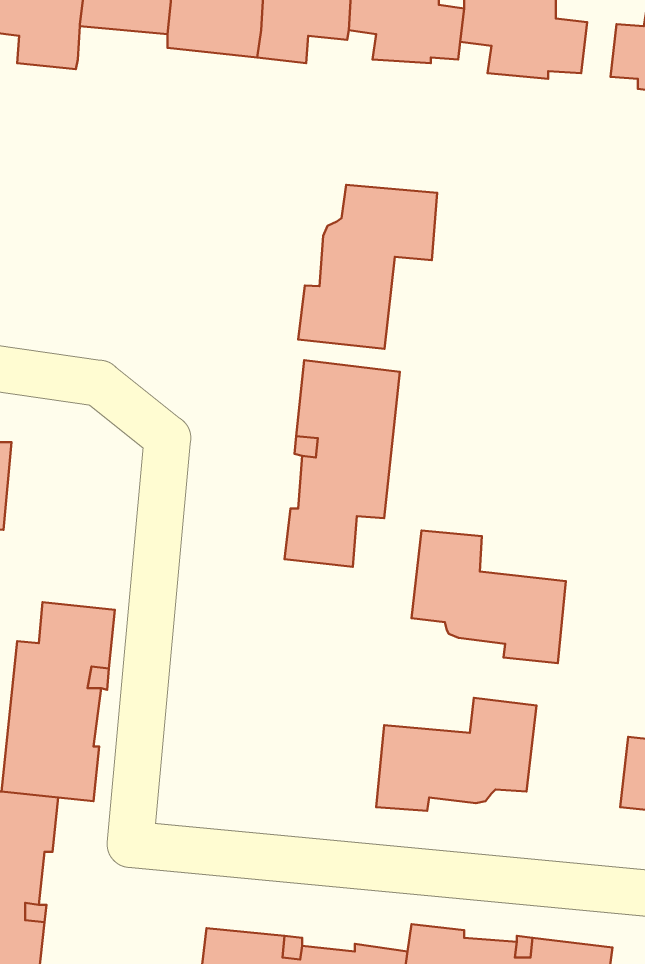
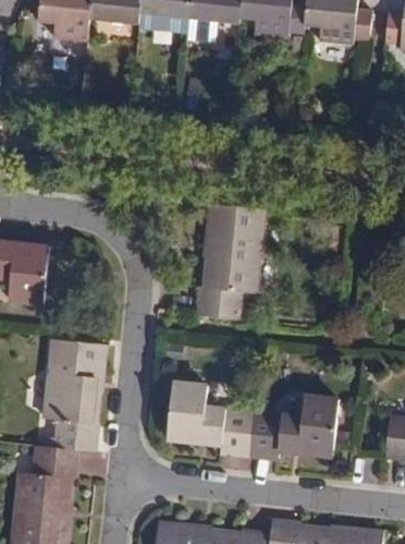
building: [298,185,437,349] -> none
building: [412,530,566,663] -> [170,379,256,454]

